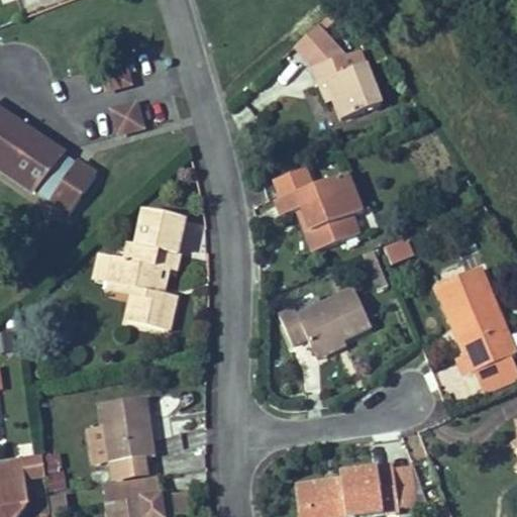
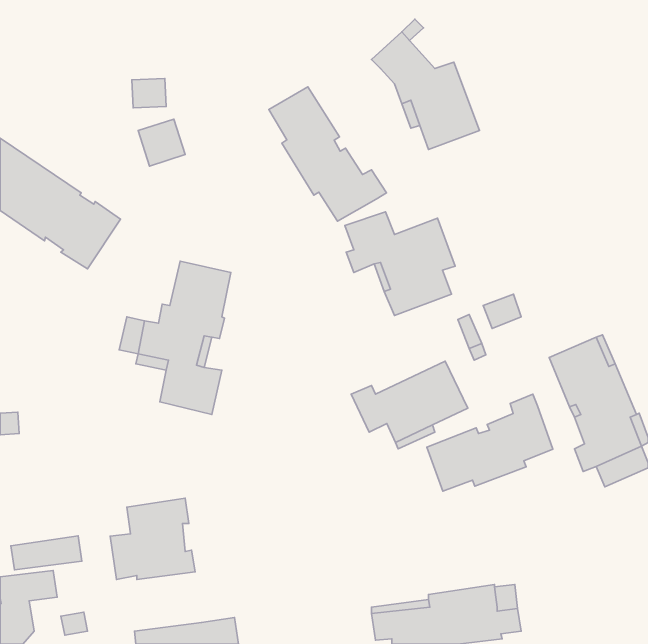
building: none -> [269,87,386,221]
building: none -> [427,394,553,491]
building: [104,476,161,503] -> [11,536,82,570]

